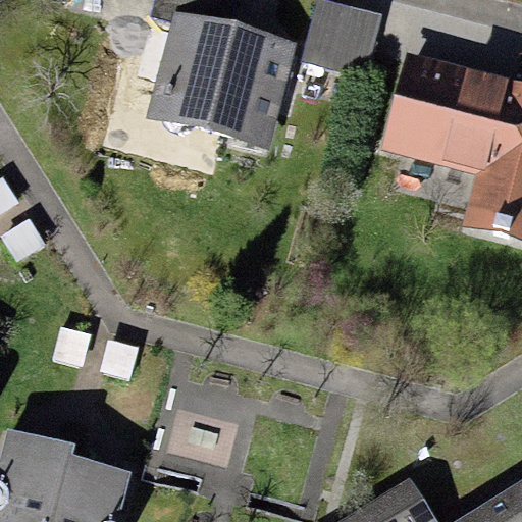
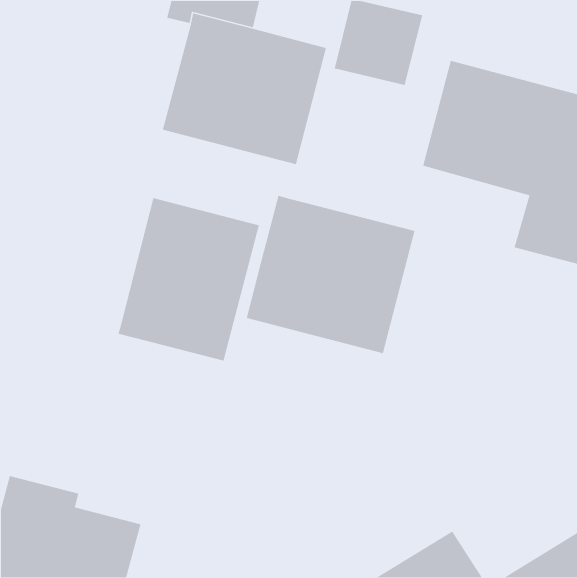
building: none -> [246,195,415,354]
building: none -> [117,197,260,362]

